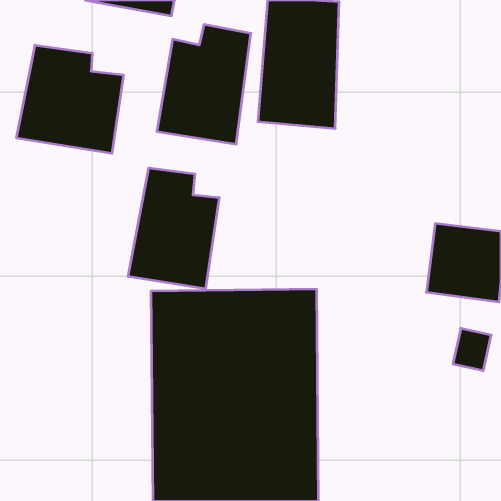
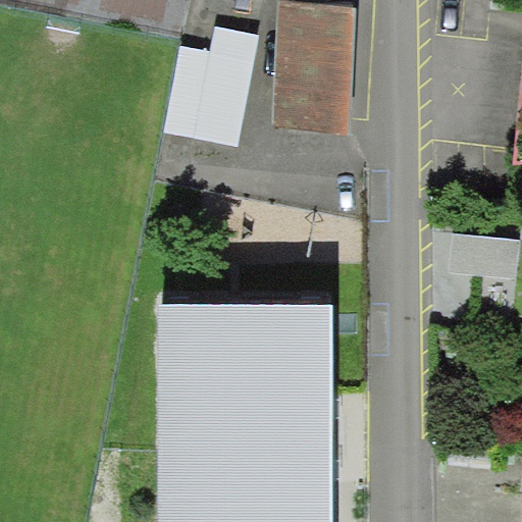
building: [17,45,123,153] -> none
building: [128,168,219,289] -> none

